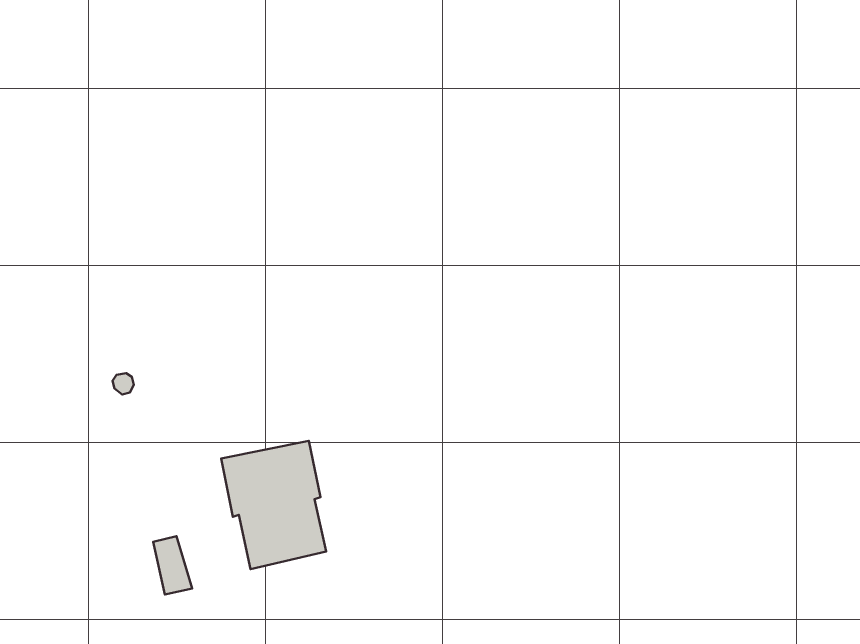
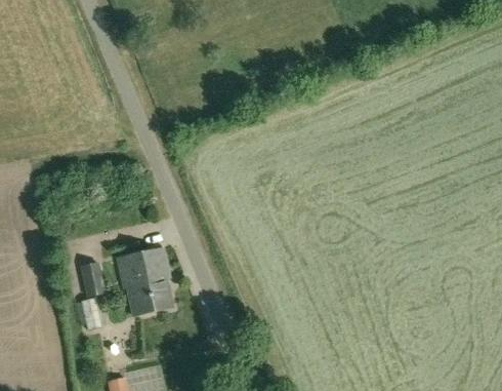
building: none -> [80,261,106,296]

